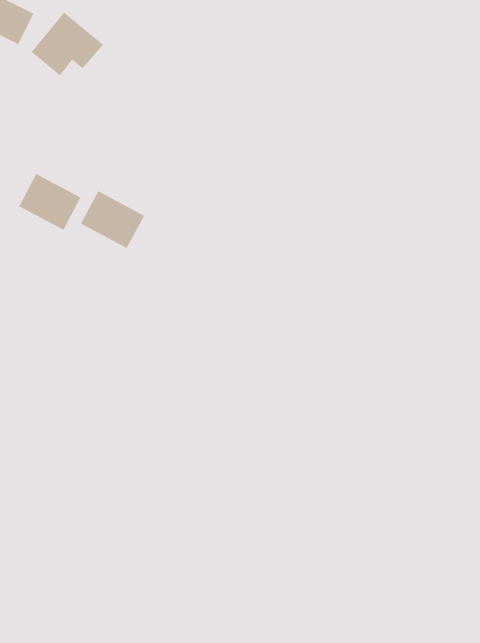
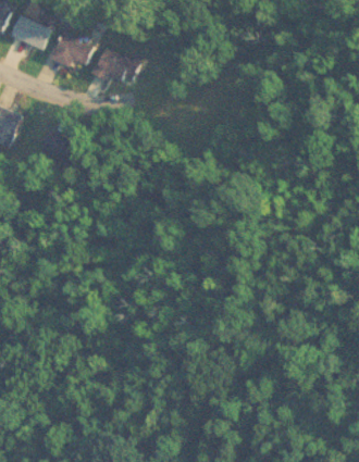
building: none -> [91,47,138,84]
building: [80,190,145,249] -> none

